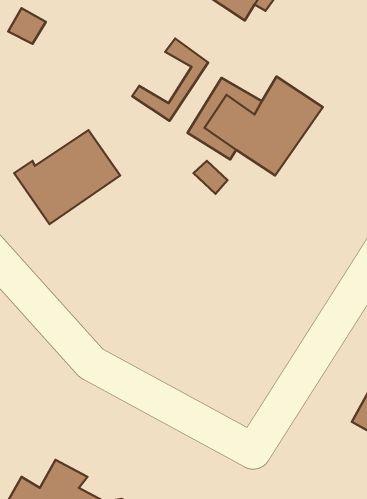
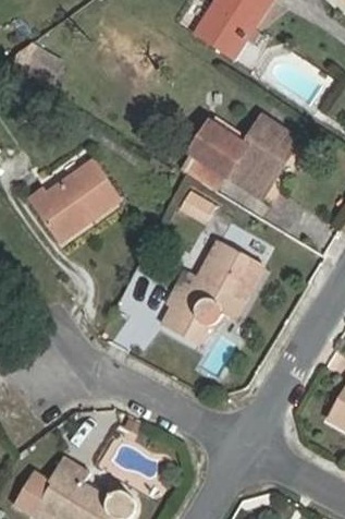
building: [132,38,208,121] -> none
building: none -> [159,239,263,345]

